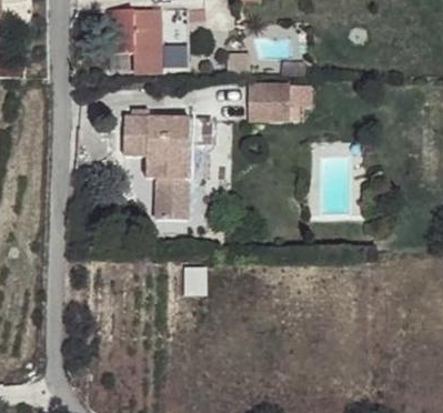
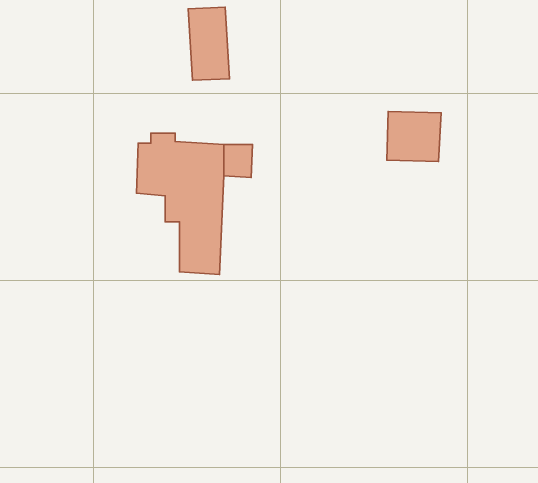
building: [110,11,165,68] -> none
building: [249,82,291,121] -> [387,111,441,161]

